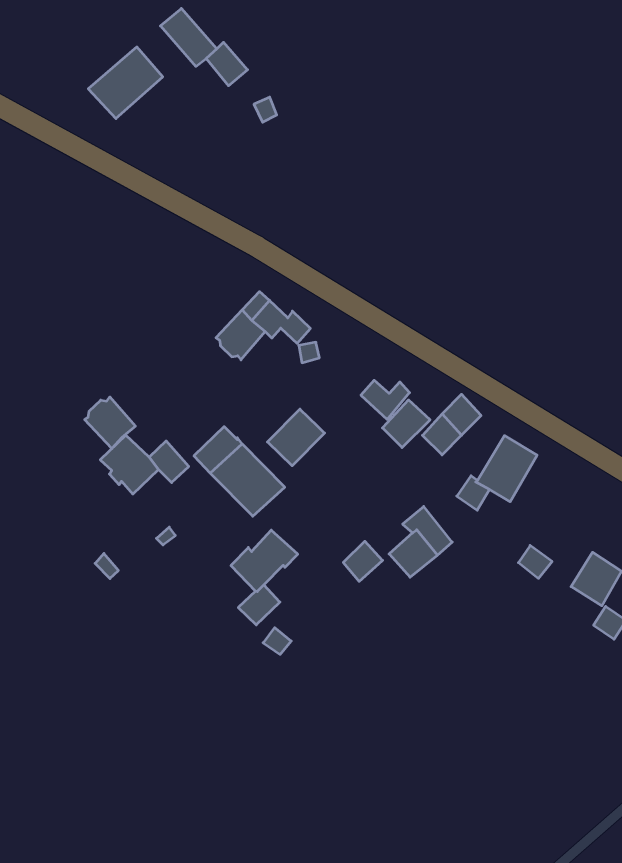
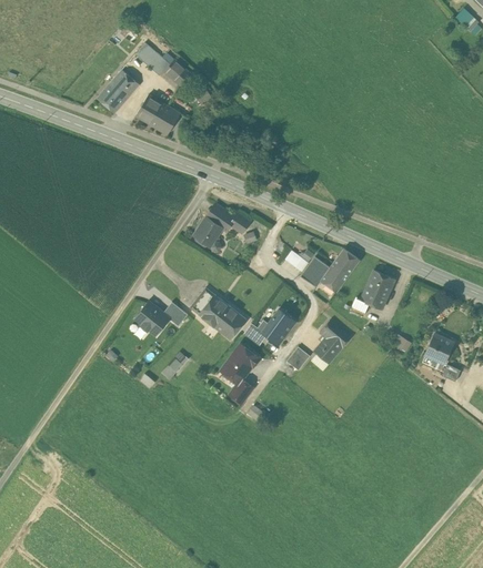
building: none -> [135,94,180,134]
building: [85,397,135,449] -> none
building: [267,409,325,466] -> [262,308,295,343]

